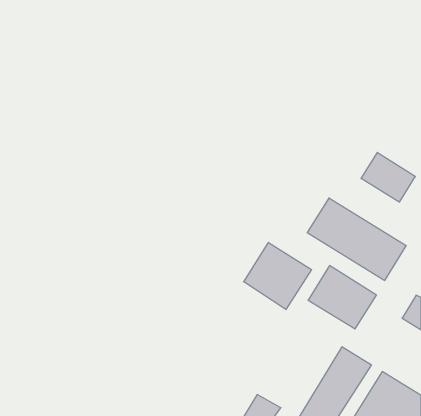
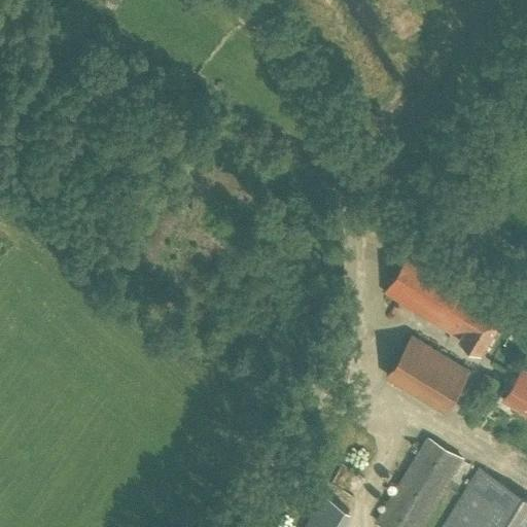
building: [361,152,415,202] -> none
building: [244,242,312,310] -> none

